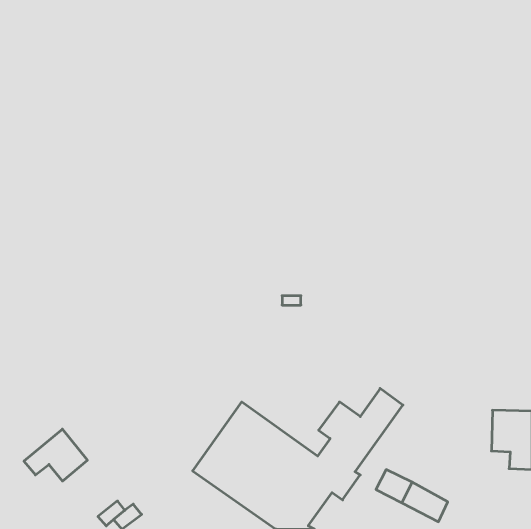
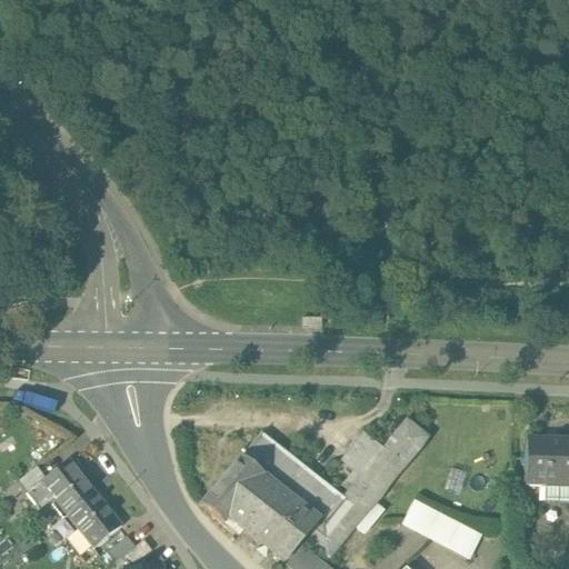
building: none -> [52,491,121,557]

